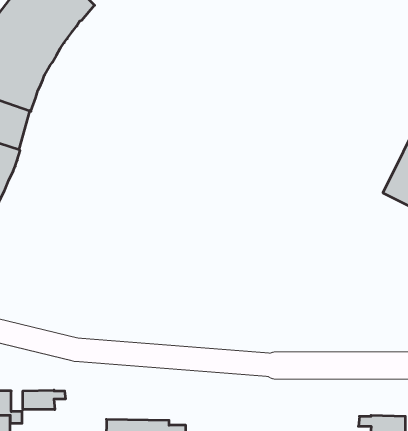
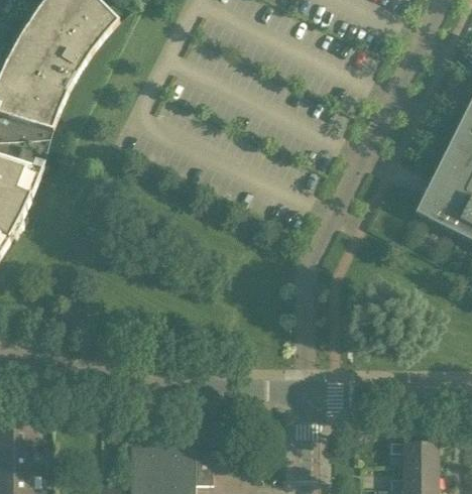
building: [23,390,65,410] -> none

